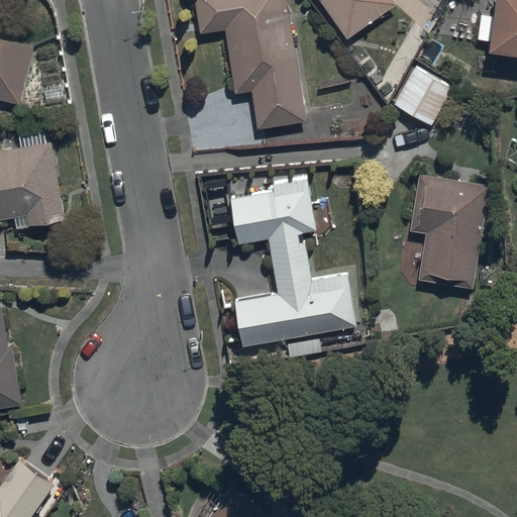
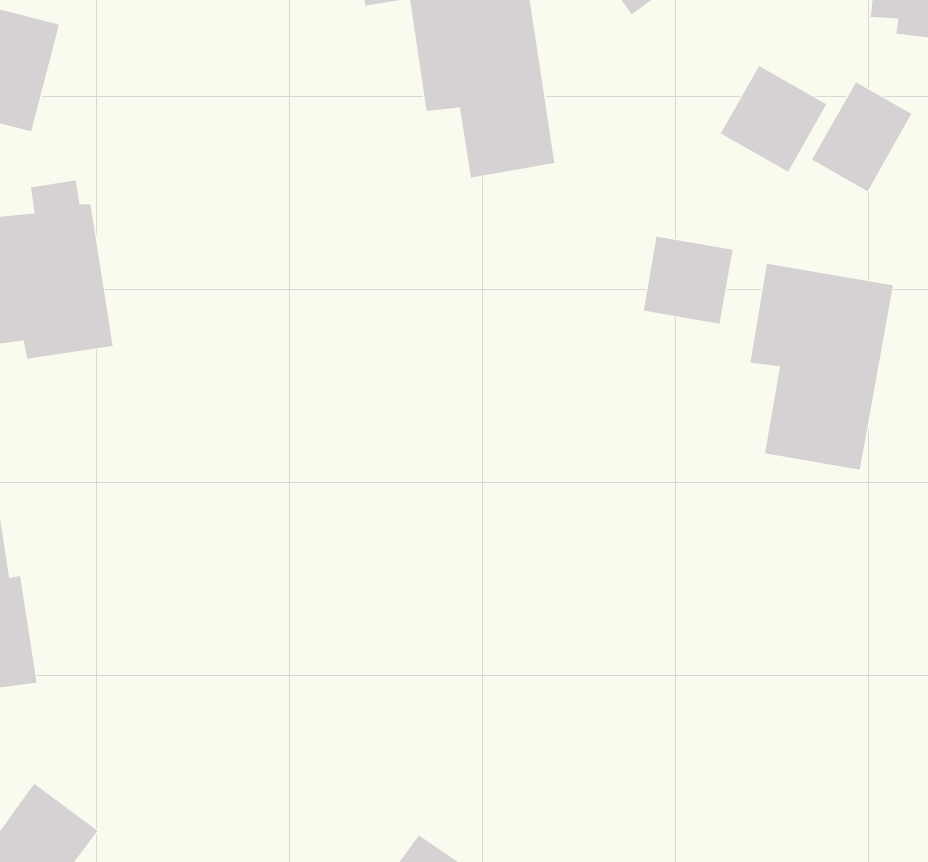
building: none -> [811,81,912,192]
building: none -> [643,236,733,325]
building: [229,178,356,357] -> none

